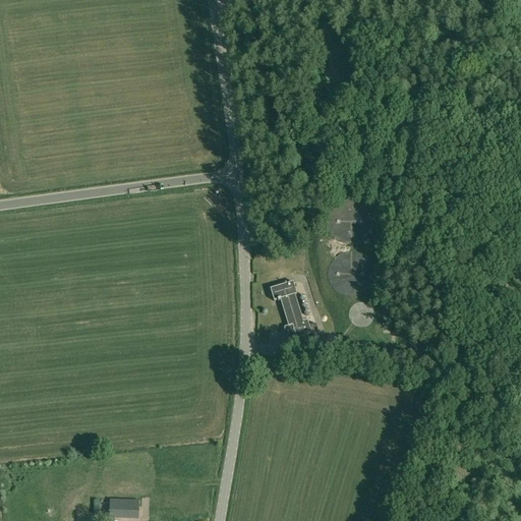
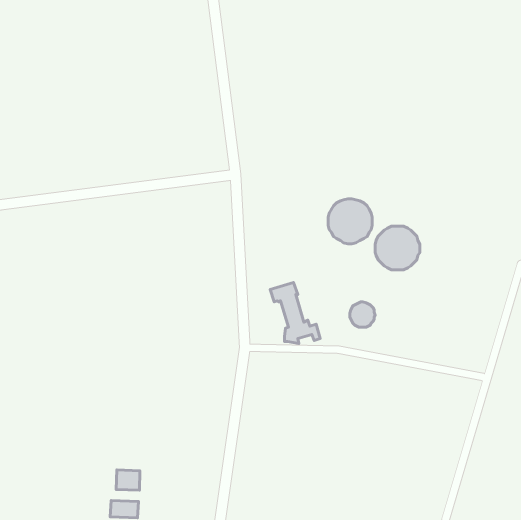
building: [328,251,372,295] -> [375,226,420,270]
building: none -> [116,470,140,490]

